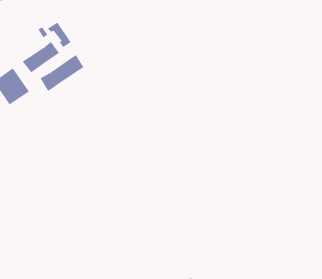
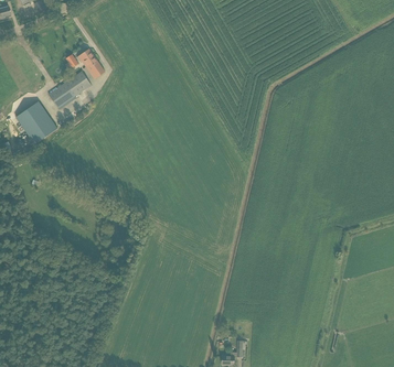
building: [40,54,84,92] -> none

